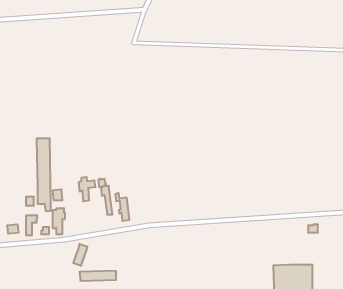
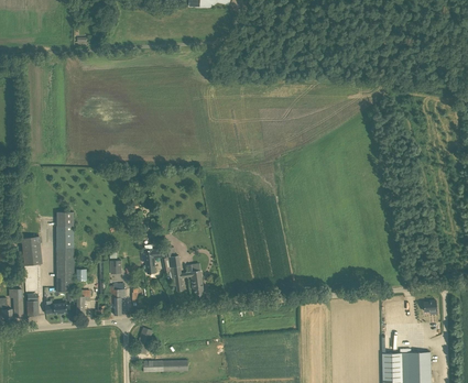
building: [37,138,51,211] -> [56,211,74,300]

